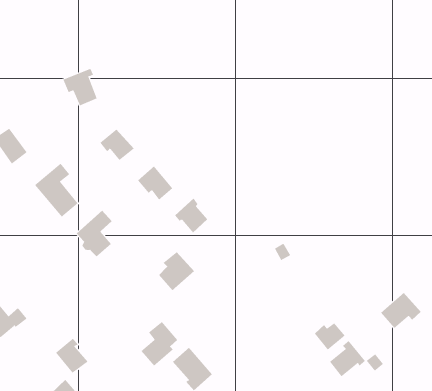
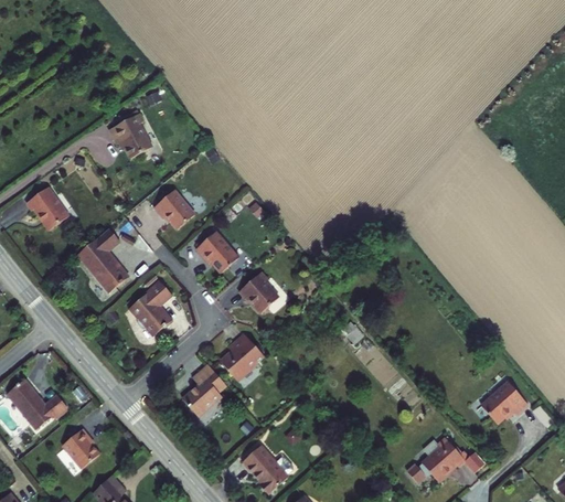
building: [140,321,178,366] -> [183,362,227,415]
building: [314,322,345,351] -> none
building: [55,338,88,374] -> [63,432,102,474]

